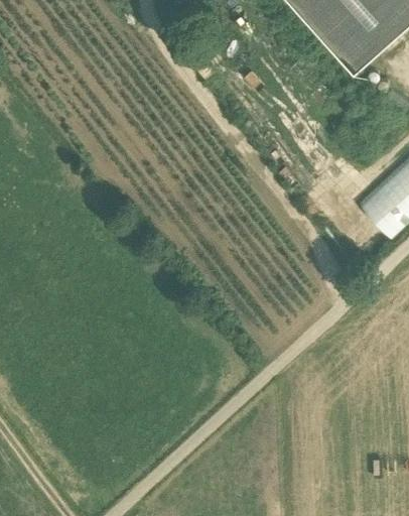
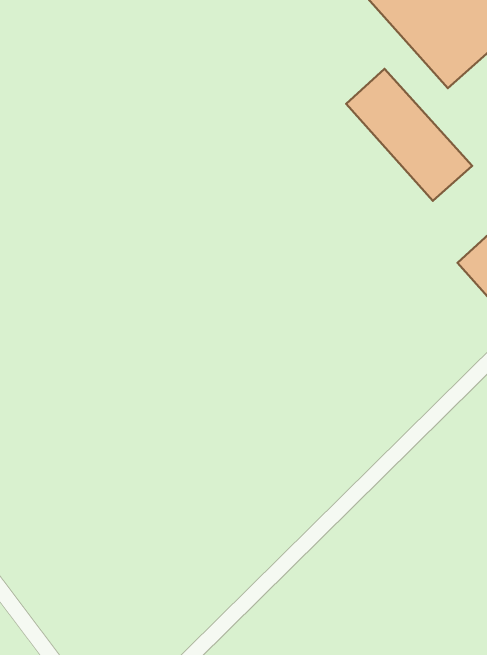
building: none -> [346,69,472,201]

